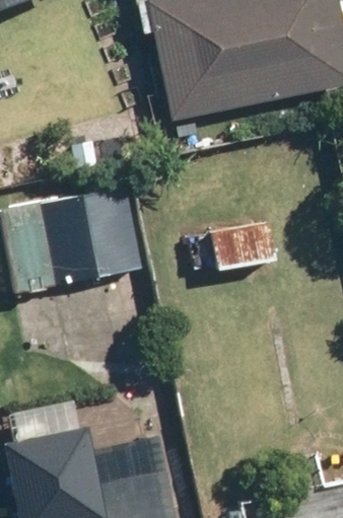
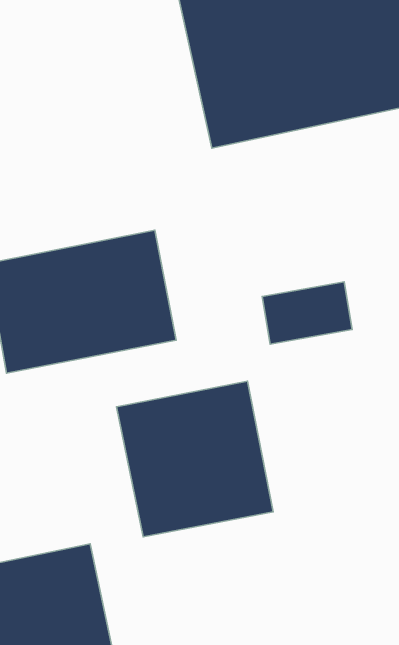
building: none -> [117,381,273,537]

